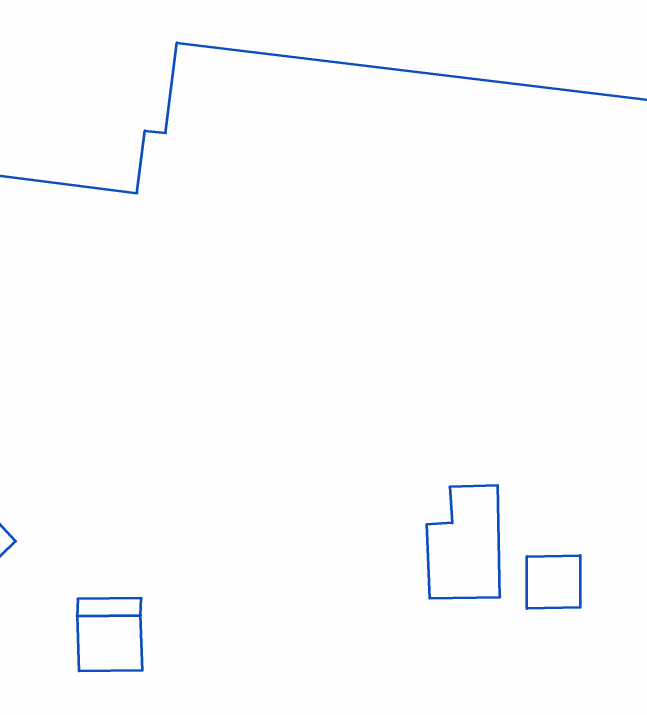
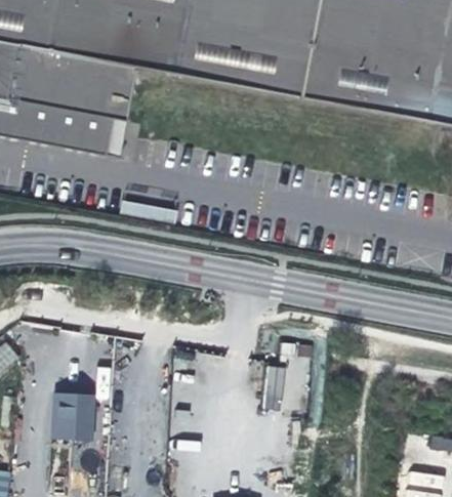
building: [527,555,580,609] -> none

